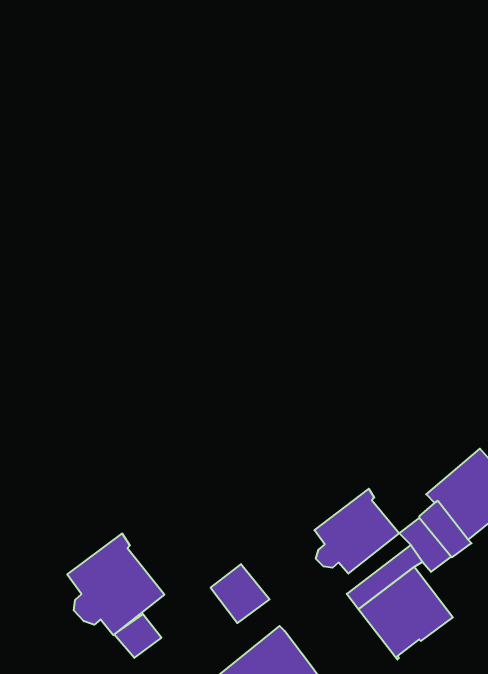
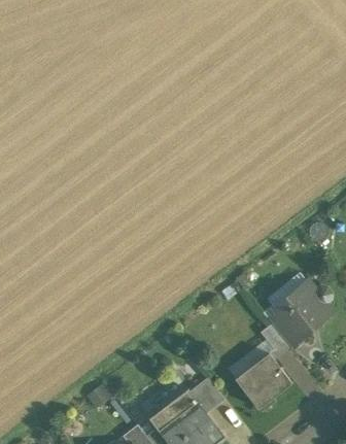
building: [314,489,399,574] -> none
building: [67,533,164,635] -> none
building: [211,564,270,623] -> [188,378,224,414]

